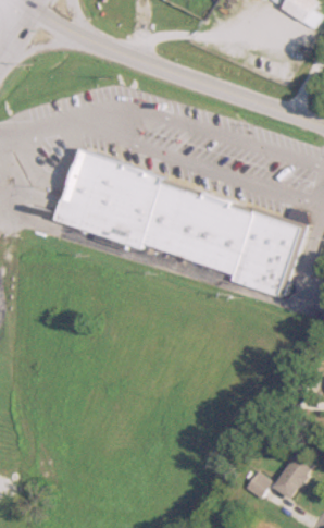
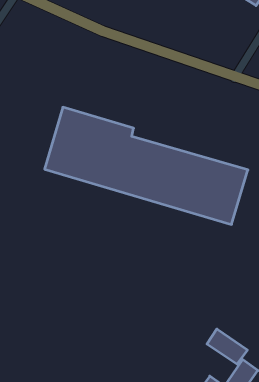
building: none -> [207,329,247,364]

